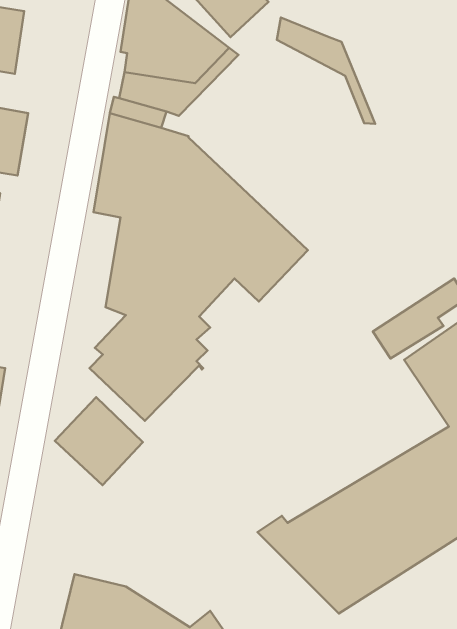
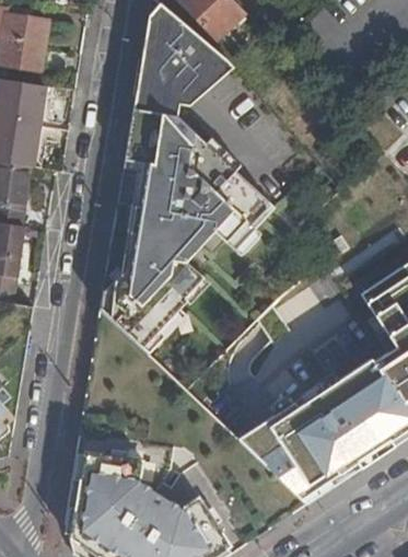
building: [277,17,375,124] -> none
building: [55,397,143,485] -> none

